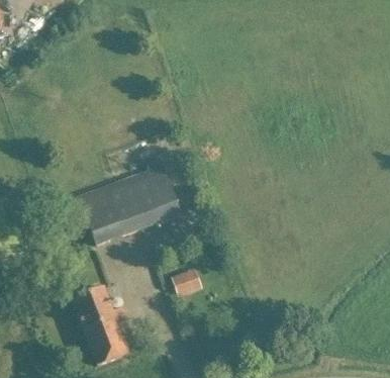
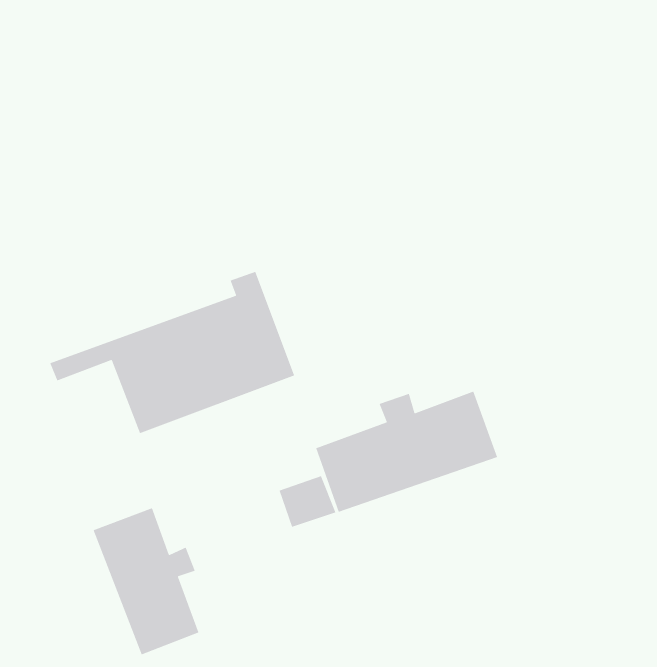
building: none -> [315,391,498,513]

